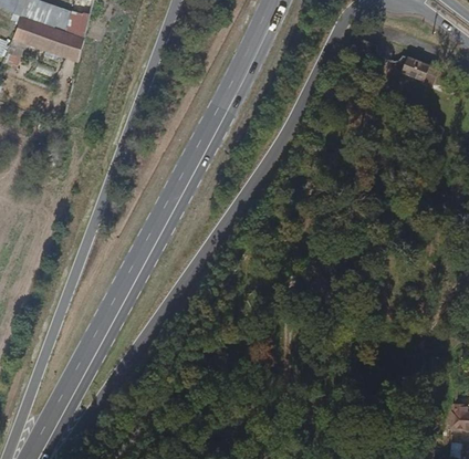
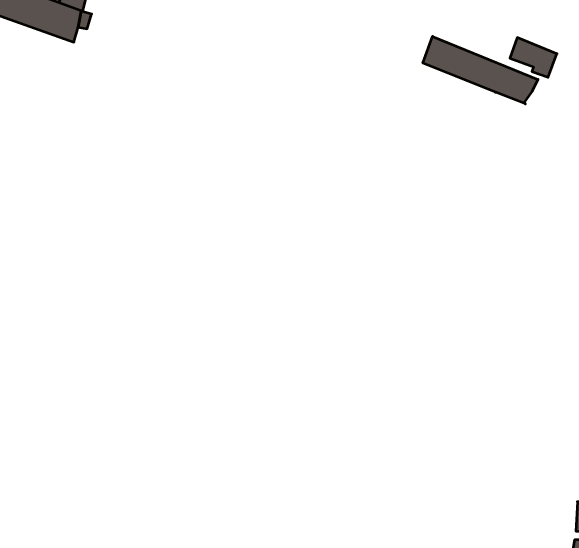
building: none -> [423,36,538,104]

